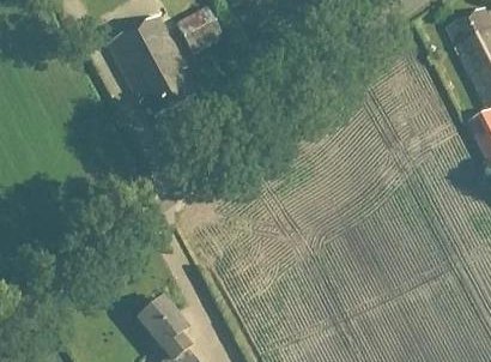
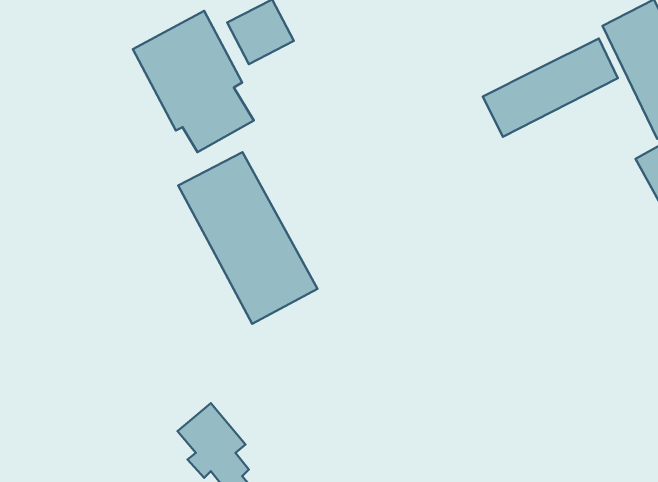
building: none -> [483,39,618,137]
building: none -> [178,152,317,324]

